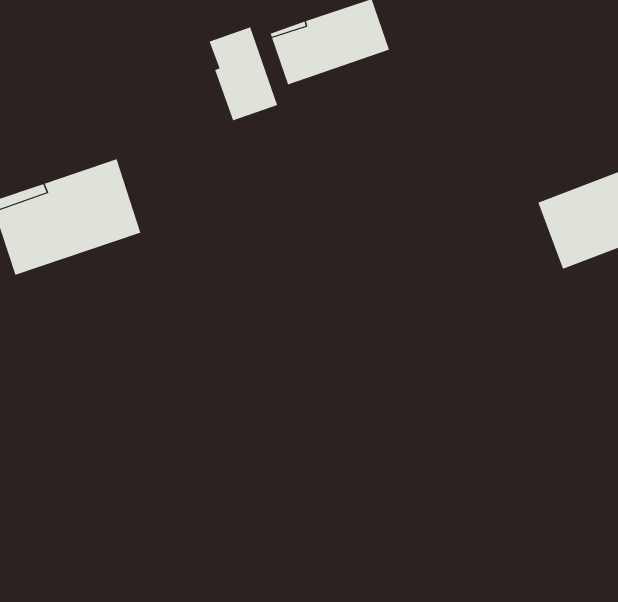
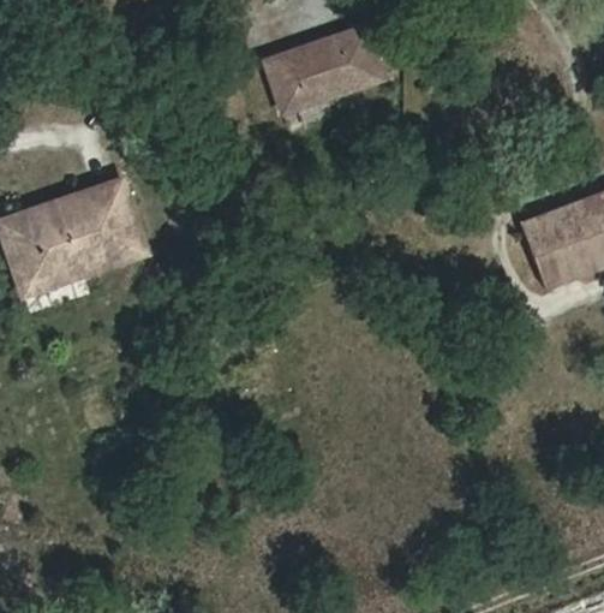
building: [209,27,278,121] -> none

